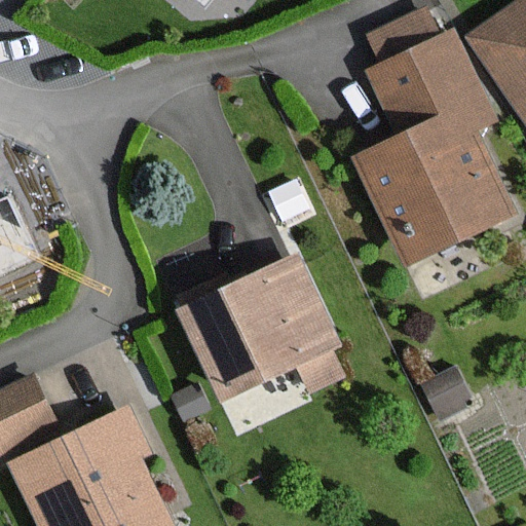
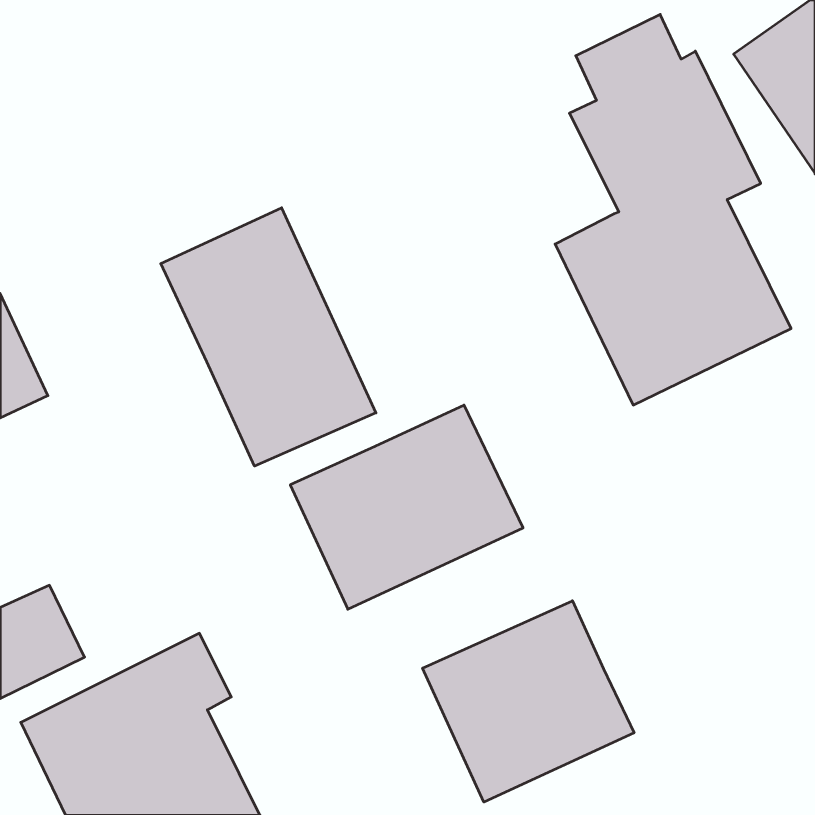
building: none -> [161,208,376,466]
building: none -> [423,601,634,802]

